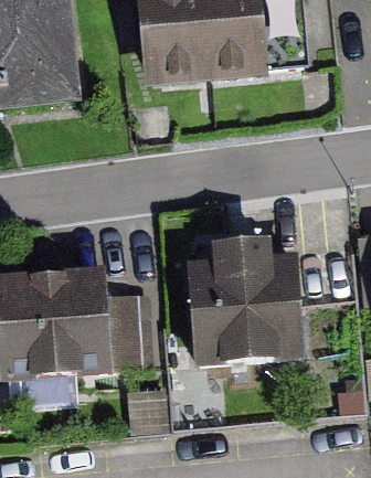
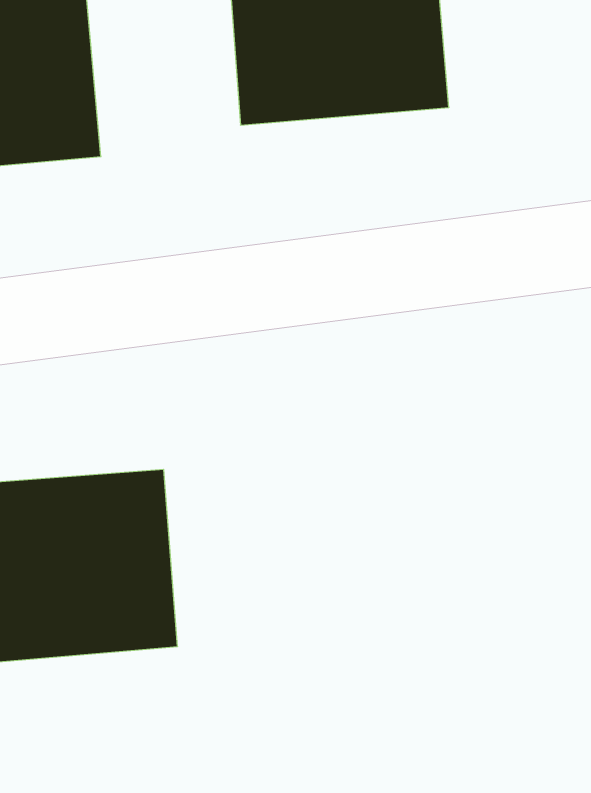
building: [199,249,307,357] -> none

